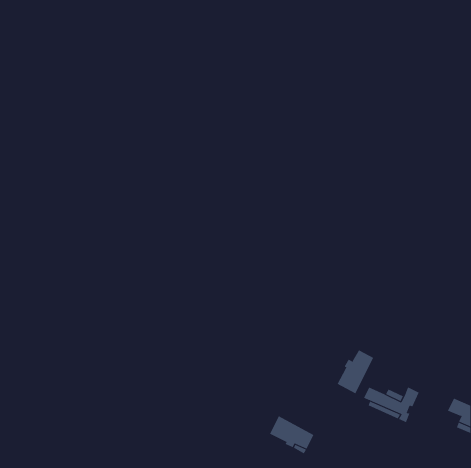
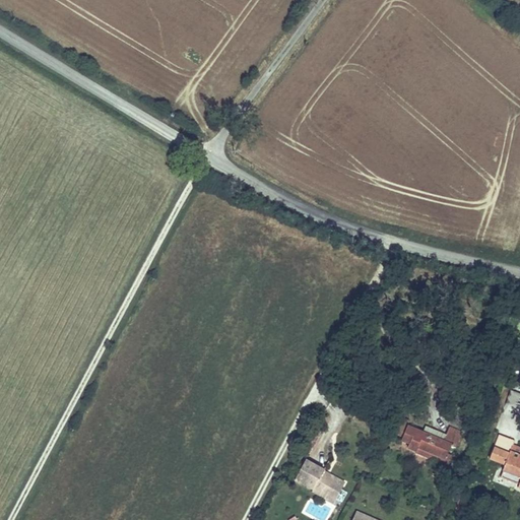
building: [337,349,374,394] -> none

